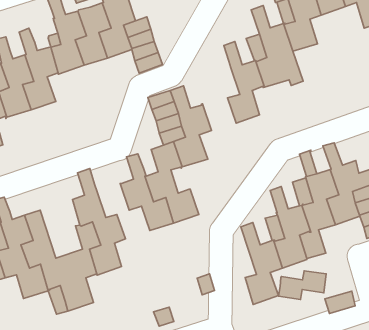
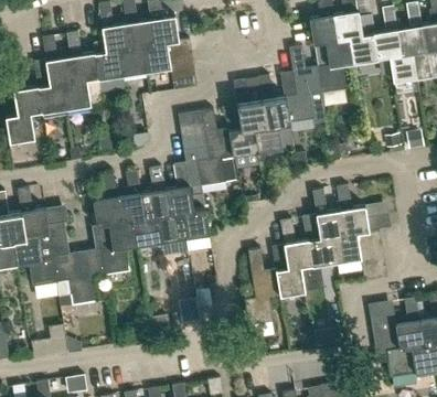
building: none -> [230,79,266,155]
building: none -> [117,170,161,245]
building: [278,271,326,300] -> none

